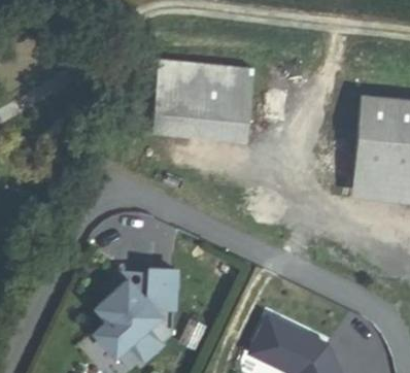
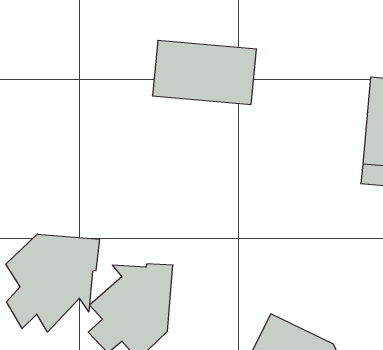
building: [152,111,248,140] -> none
building: none -> [6,234,99,332]

